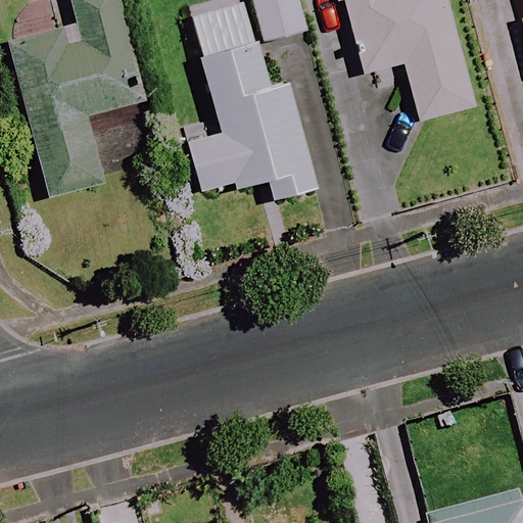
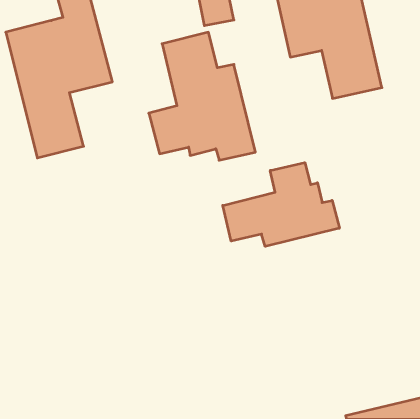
building: none -> [223,163,339,246]

